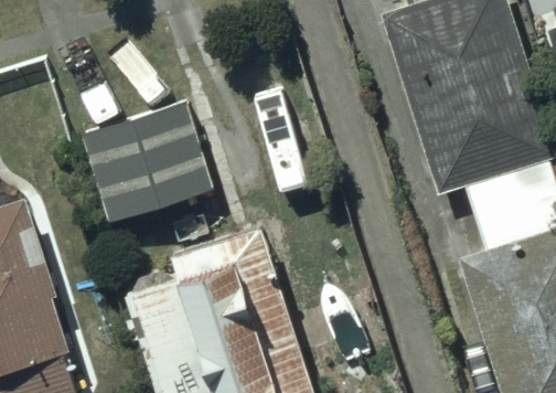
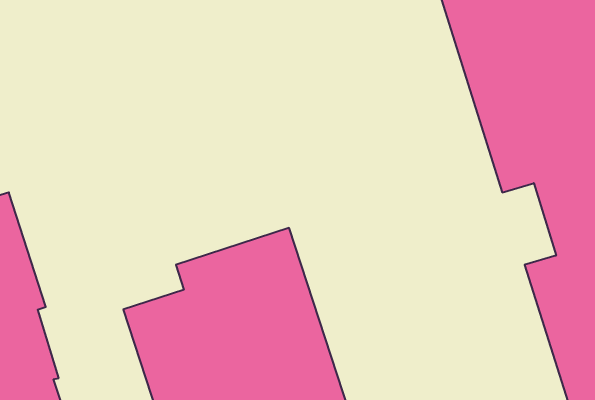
building: [79,102,216,222] -> none

